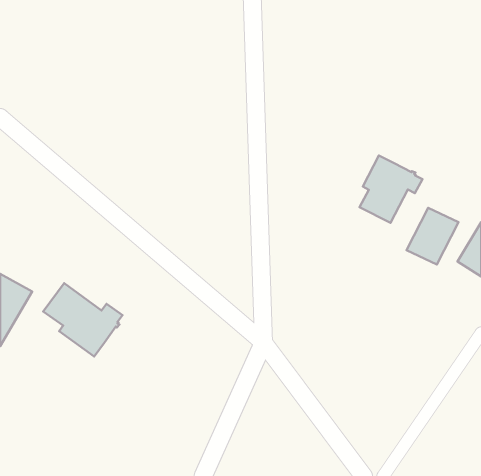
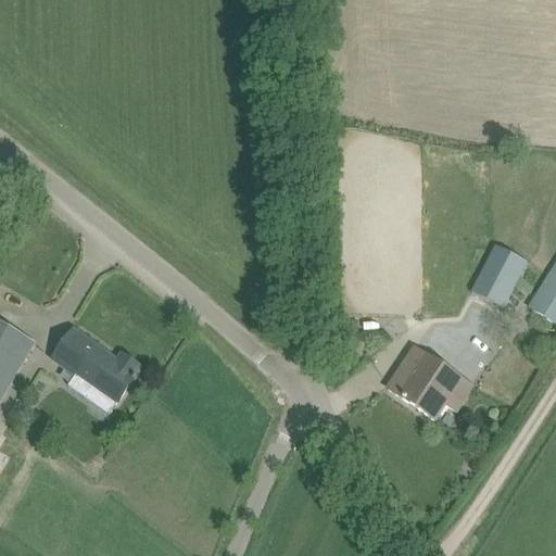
building: [360,155,422,223] -> none
building: none -> [388,345,463,417]

